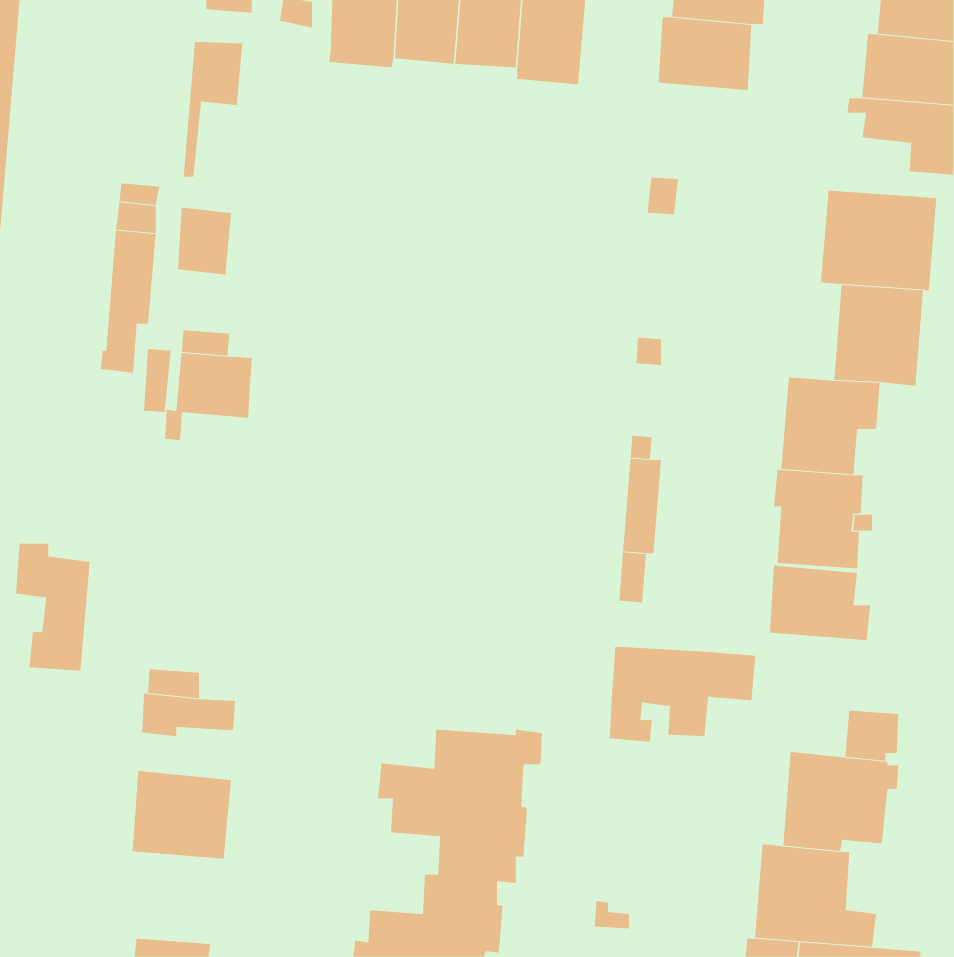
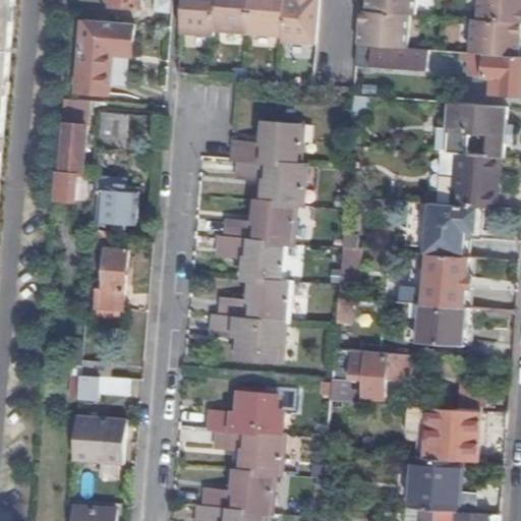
building: none -> [75,19,105,96]
building: none -> [353,45,426,70]
building: none -> [206,122,304,364]
building: [15,543,91,671] -> [85,241,126,310]

